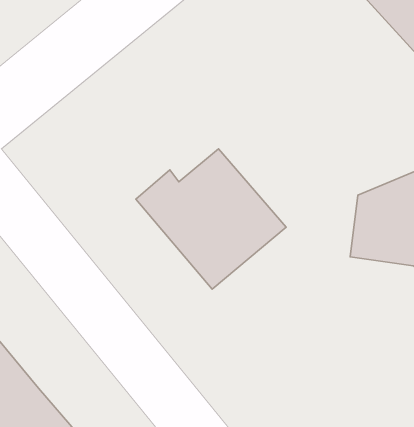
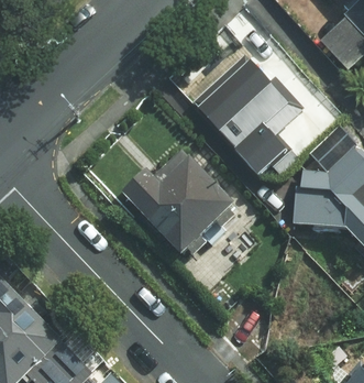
building: none -> [190,47,297,178]

